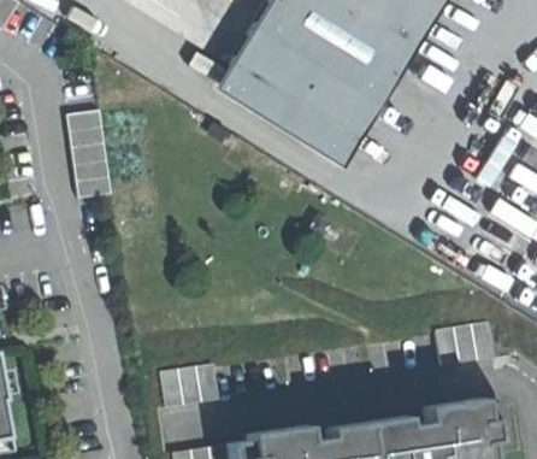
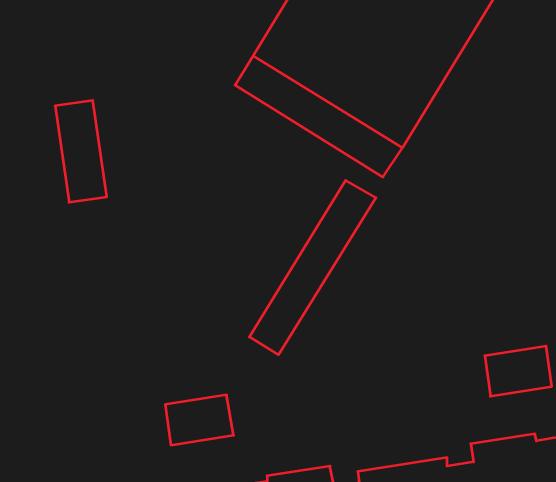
building: none -> [249,180,376,355]

